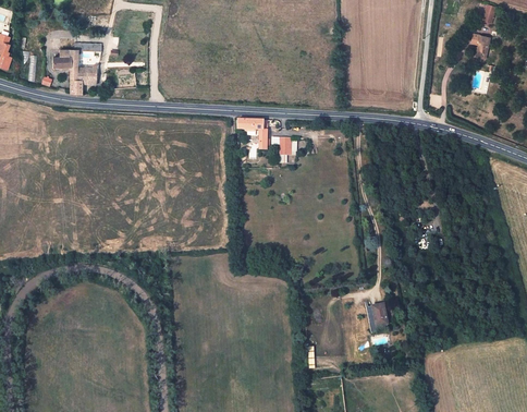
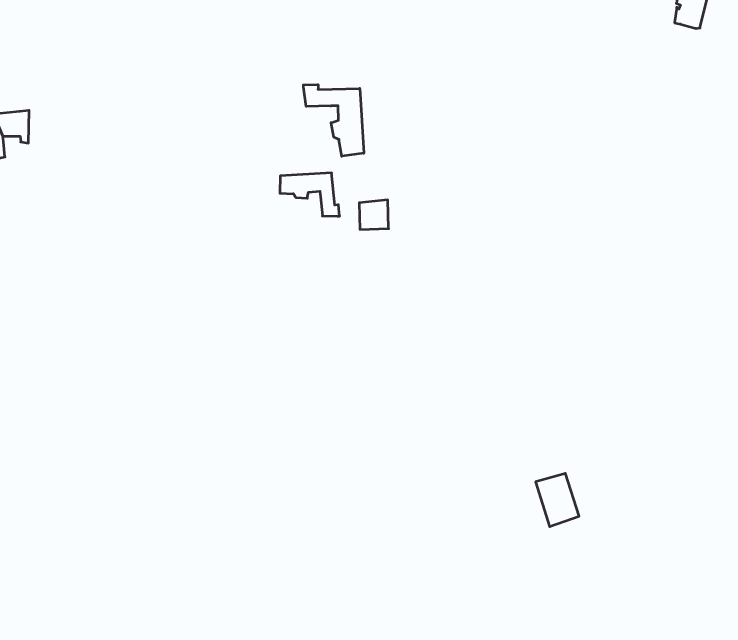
building: none -> [303,85,364,156]

